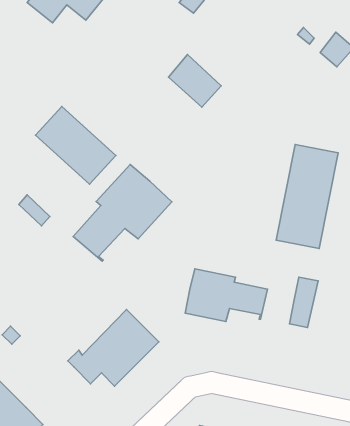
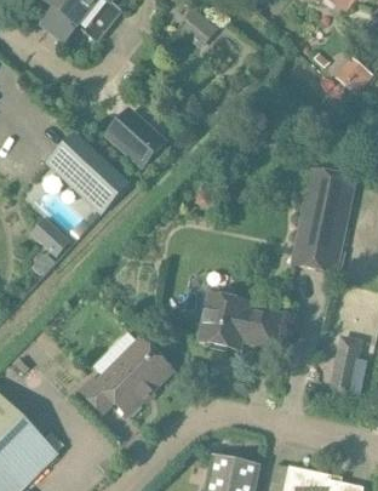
building: [169,55,221,107] -> [111,113,165,166]
building: [73,164,172,261] -> none
building: [289,277,318,327] -> [331,338,360,389]

